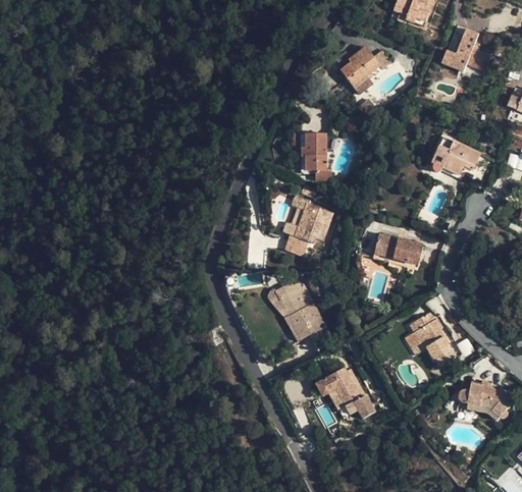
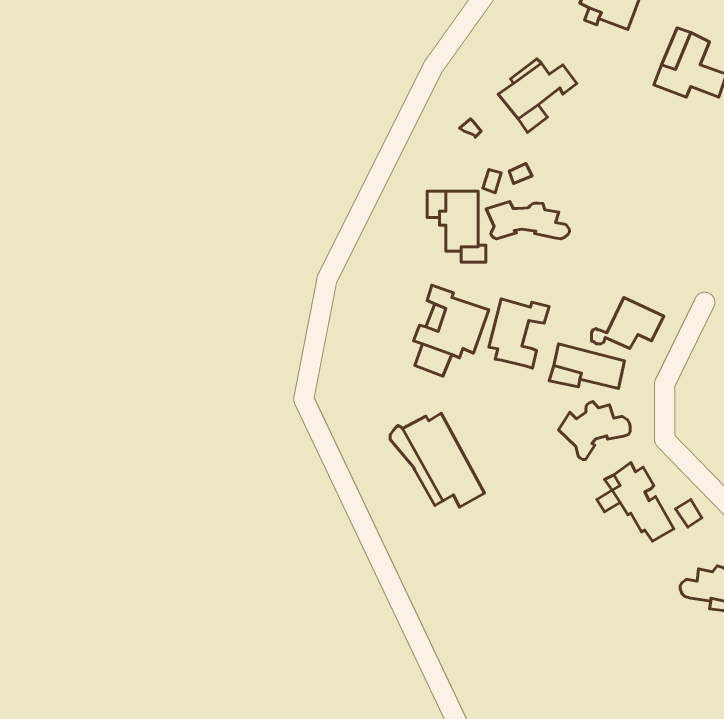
building: none -> [486,202,569,239]
building: [433,142,481,175] -> [591,298,664,348]
building: none -> [489,299,549,368]
building: none -> [559,401,630,460]
building: [323,368,366,418] -> none

